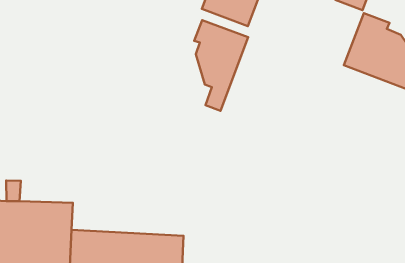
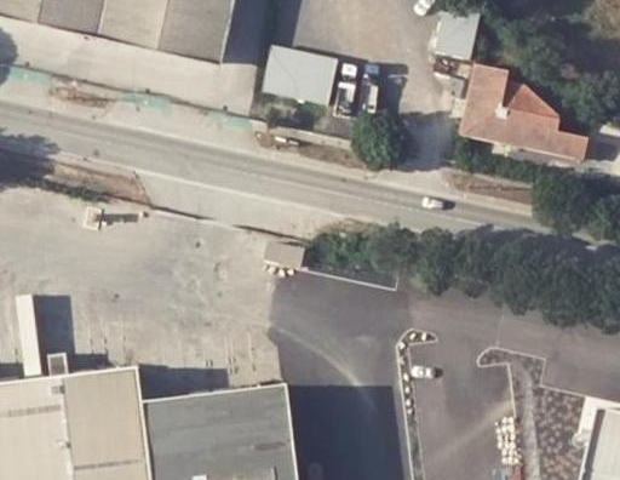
building: [194,20,248,111] -> none

